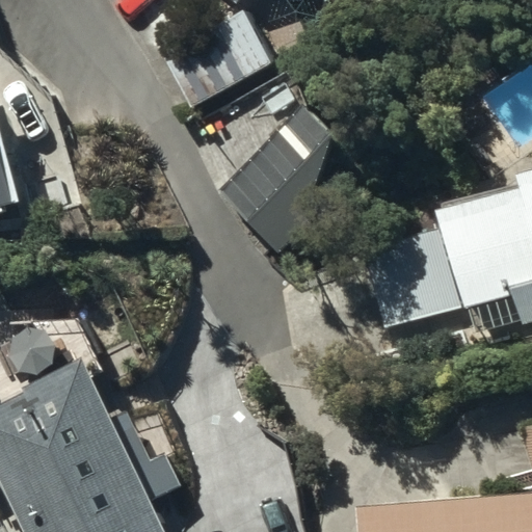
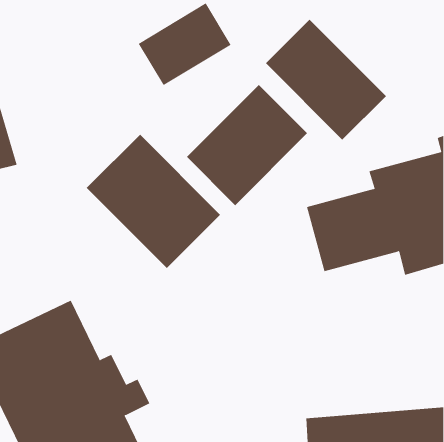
building: none -> [265,19,387,140]
building: none -> [86,134,221,269]

